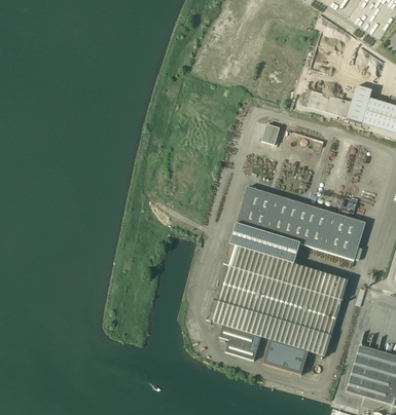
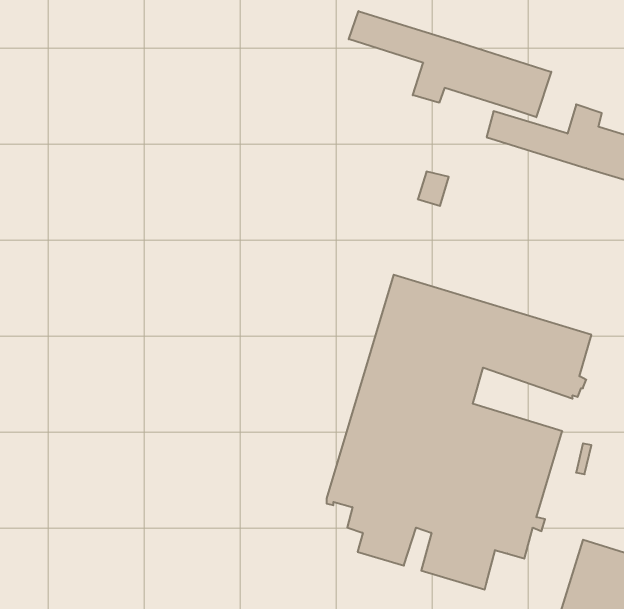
building: none -> [349,11,551,117]

